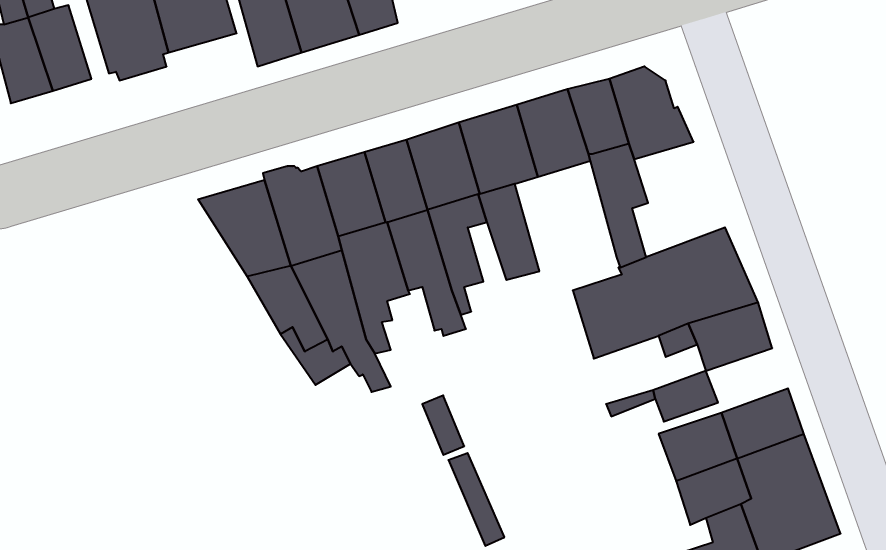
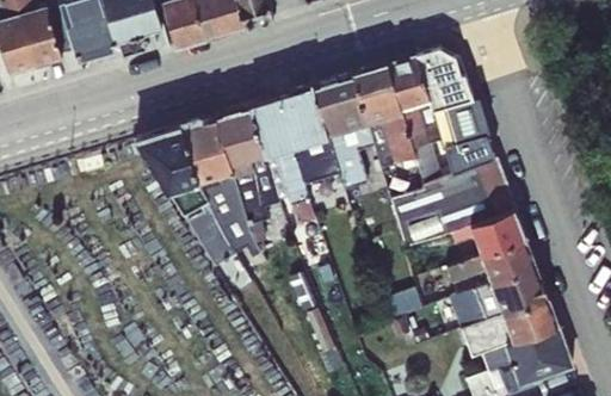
building: none -> [433,99,489,153]
building: none -> [368,112,421,185]
building: none -> [482,240,538,284]

